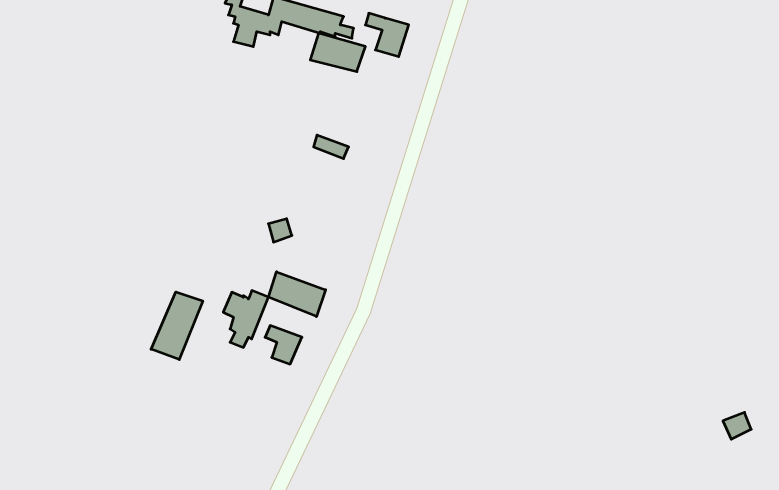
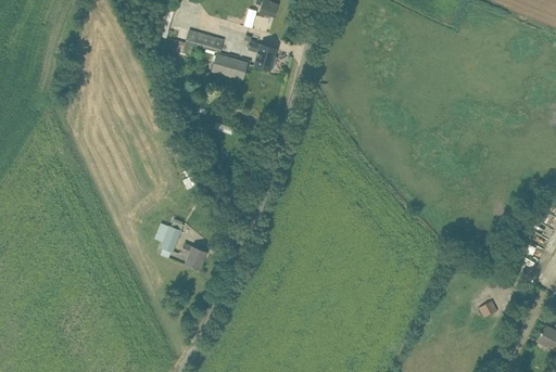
building: [268,272,326,317] -> none
building: [151,292,203,360] -> none

